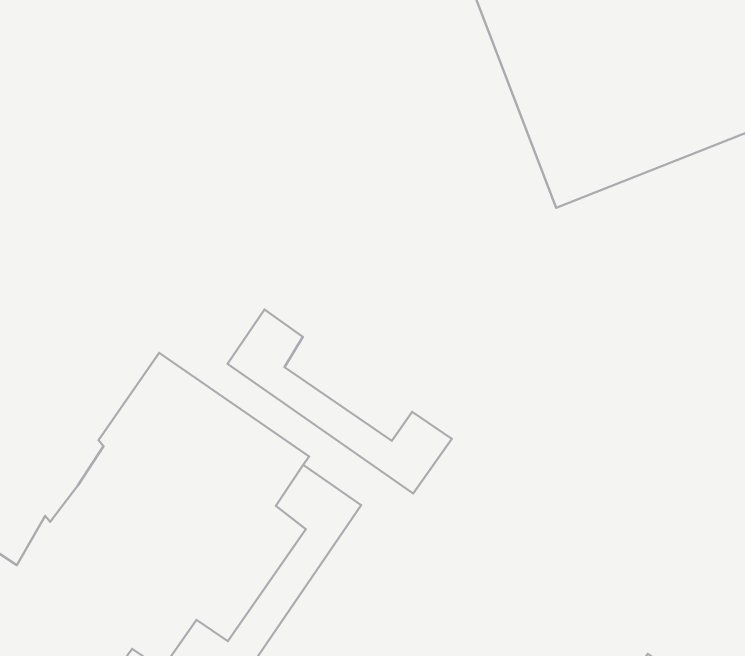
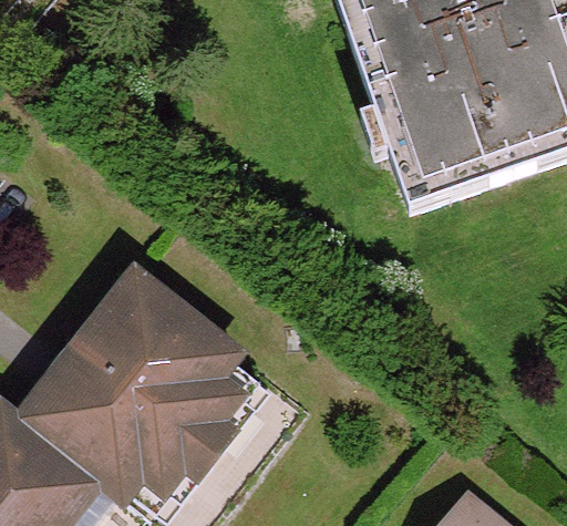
building: [228,309,452,493] -> none

